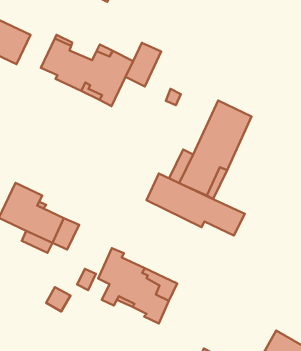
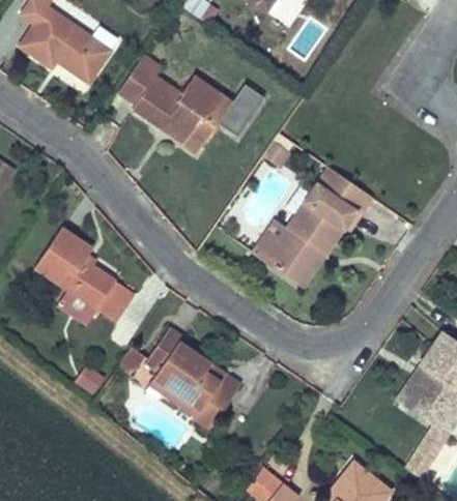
building: [146,173,245,235] -> none

